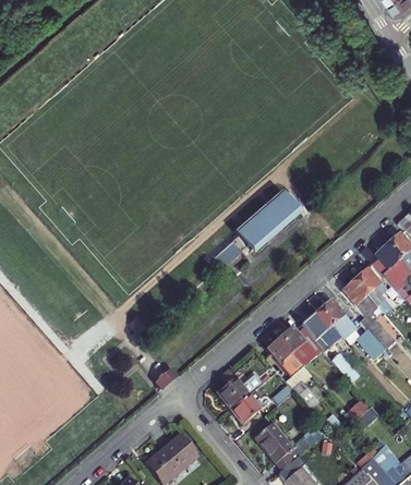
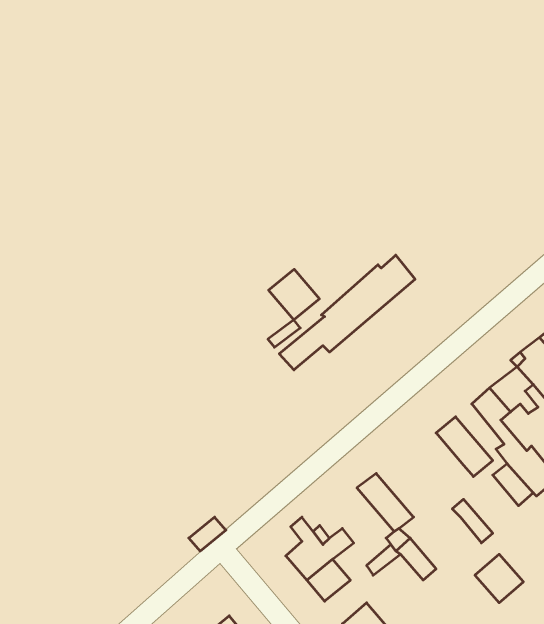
building: none -> [269,269,319,320]
building: [306,310,338,342] -> none
building: [279,326,322,366] -> none

